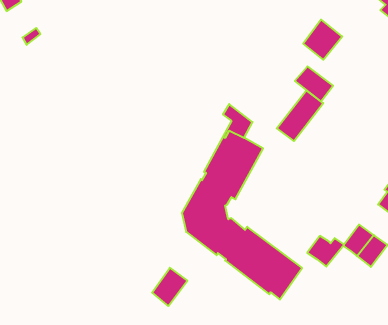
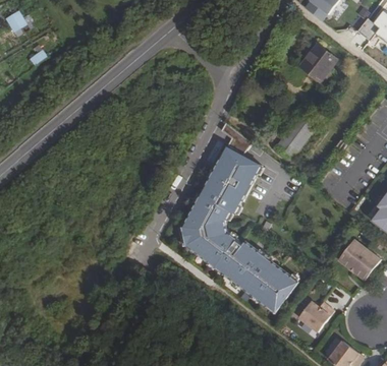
building: [295,66,333,101] -> none
building: [307,236,344,267] -> [299,301,335,330]
building: [152,268,187,306] -> none

